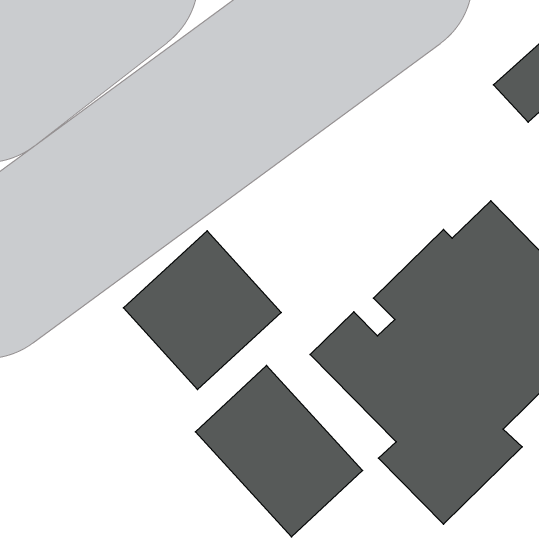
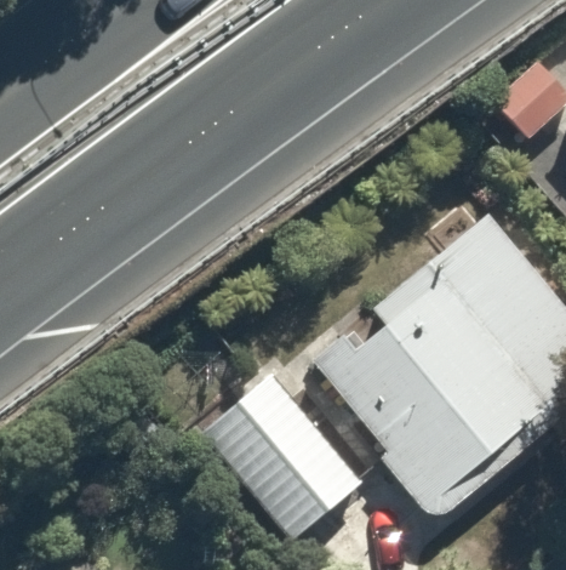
building: [124,231,281,389] -> none

